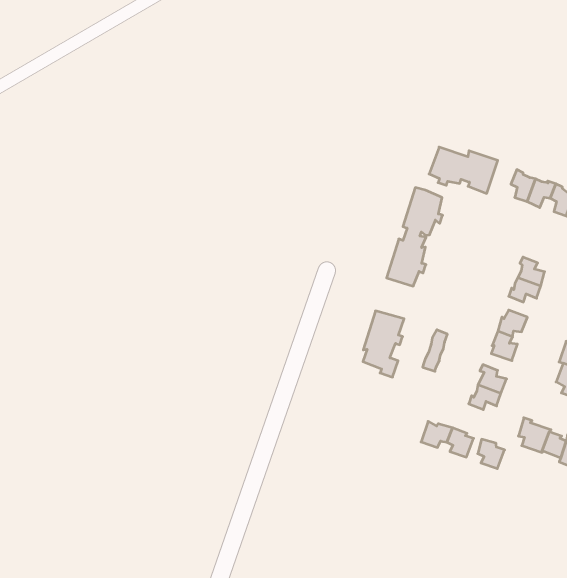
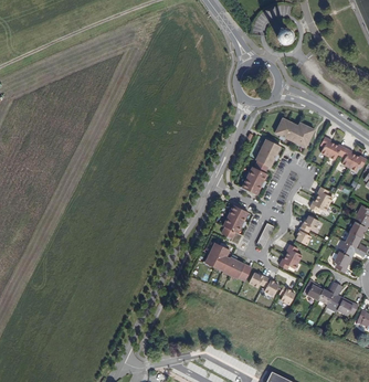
building: none -> [205,243,252,280]

